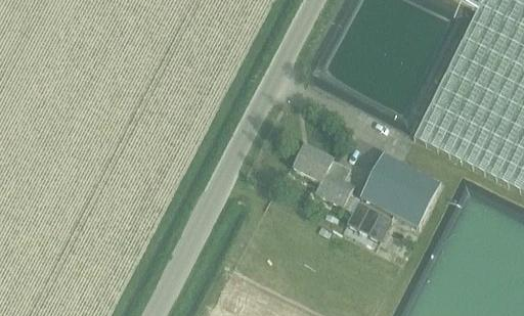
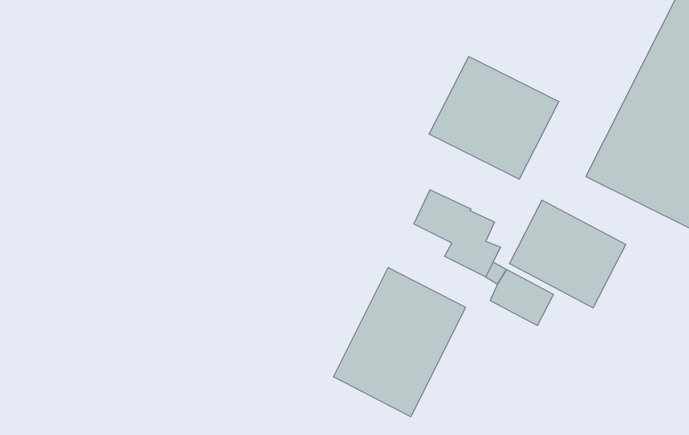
building: none -> [429,57,559,179]
building: none -> [334,267,465,417]

